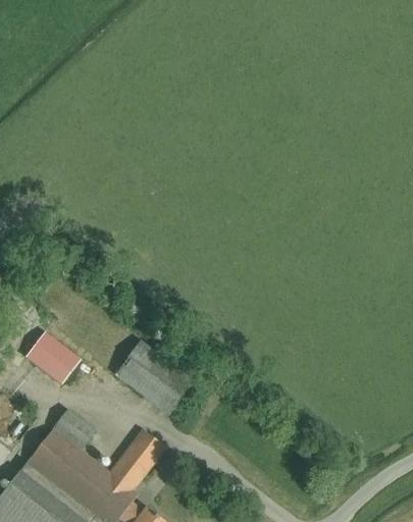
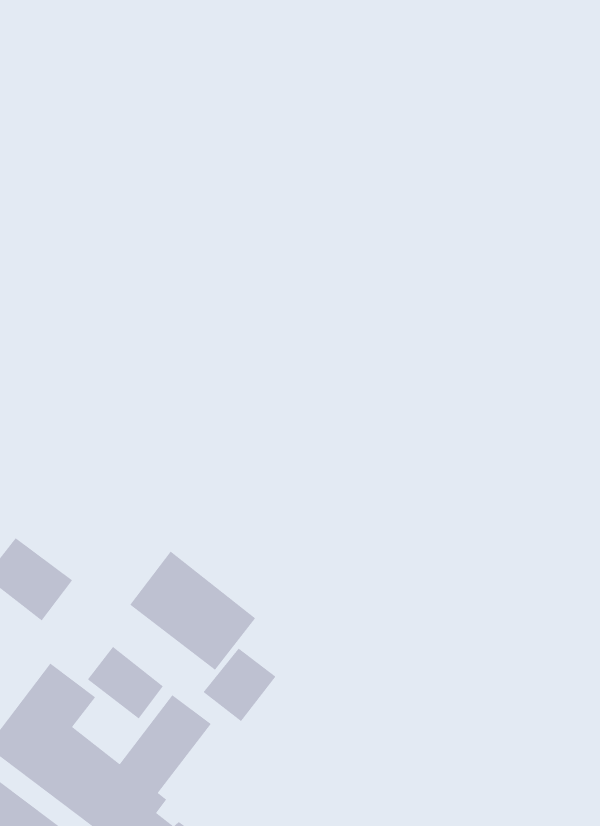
building: none -> [87,646,164,720]
building: none -> [203,648,276,722]

